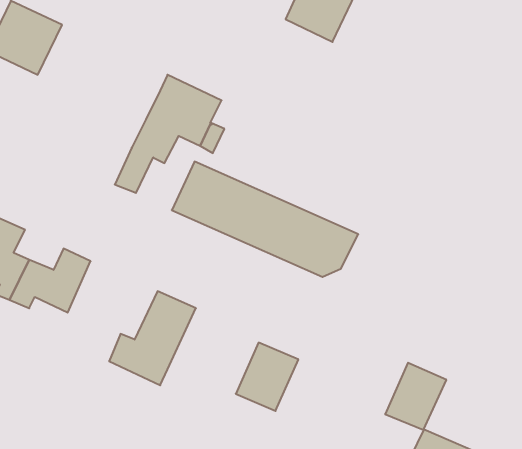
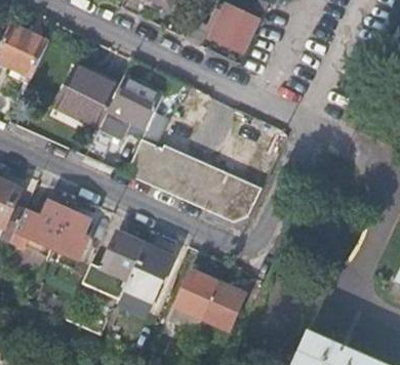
building: none -> [54,66,119,128]
building: none -> [52,209,89,258]
building: none -> [124,244,171,300]
building: [385,363,446,430] -> [202,281,246,329]

